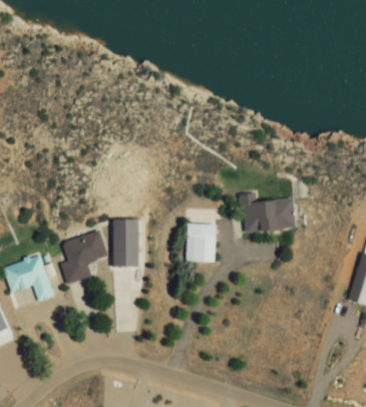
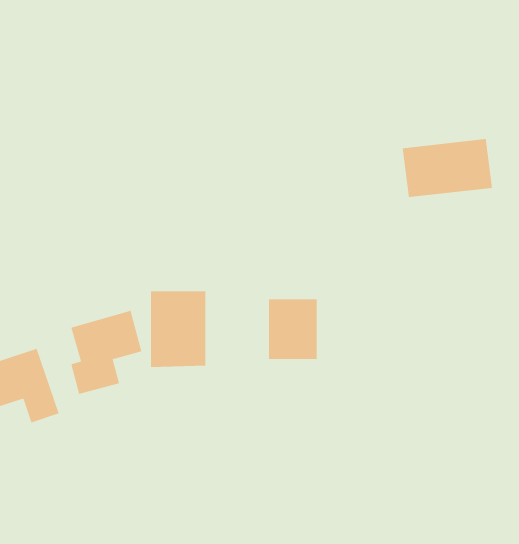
building: [242,196,299,234] -> [402,139,493,198]

